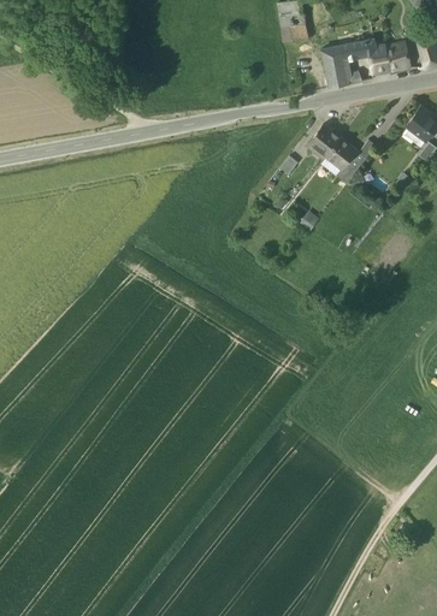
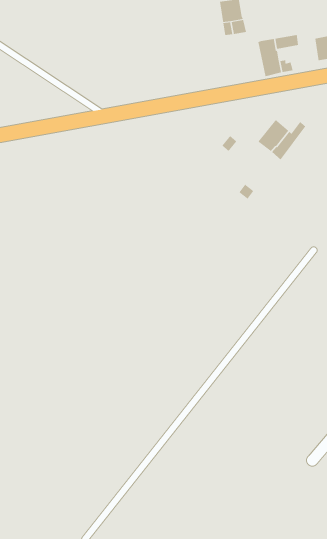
building: [367,38,390,75] -> none
building: [307,124,342,160] -> none

